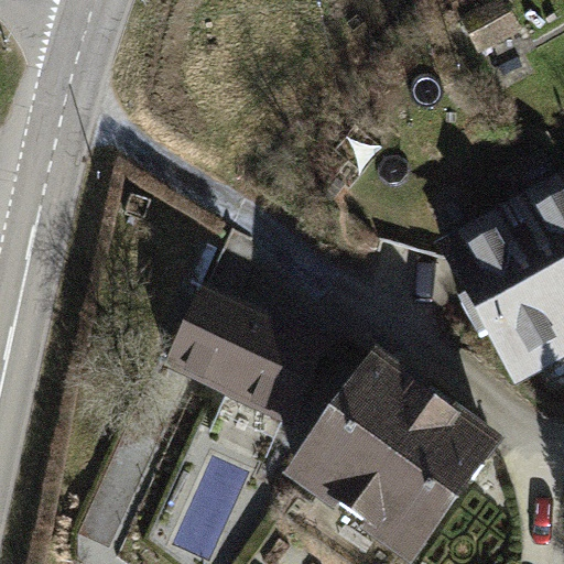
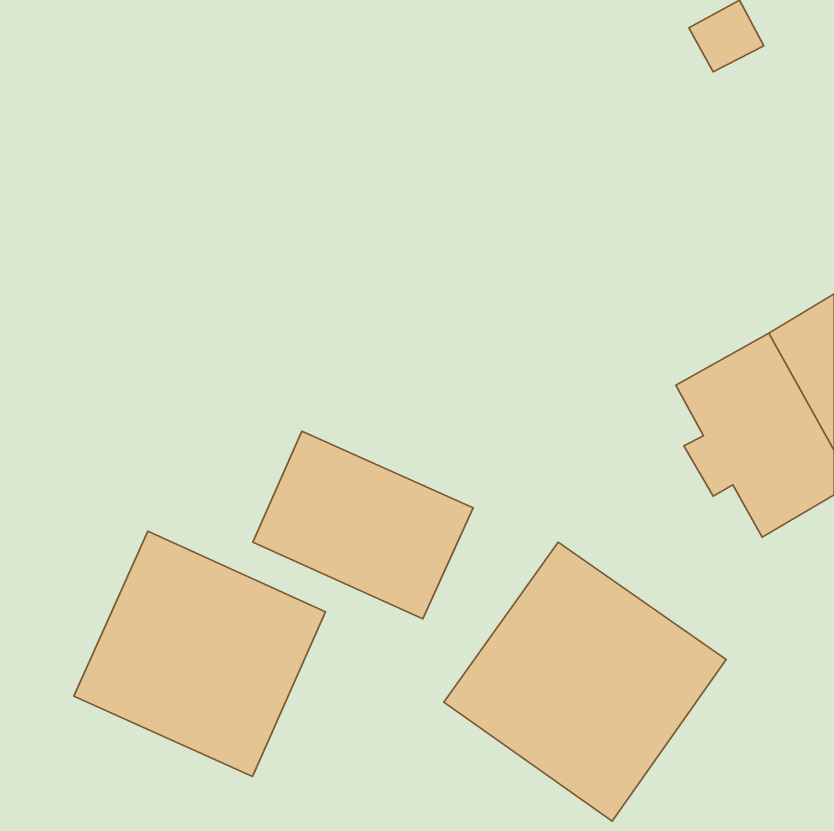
building: none -> [74,531,325,776]

